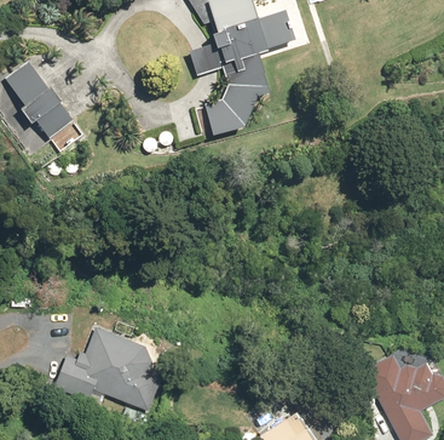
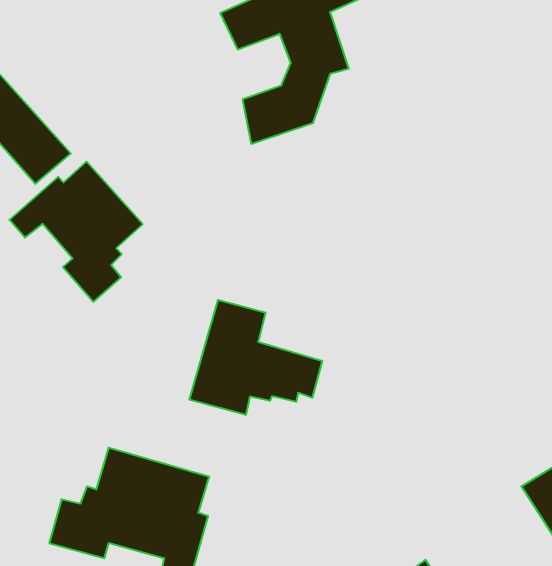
building: none -> [9,162,143,302]
building: none -> [189,300,322,415]

